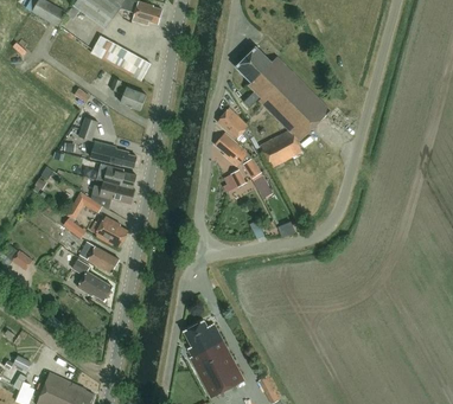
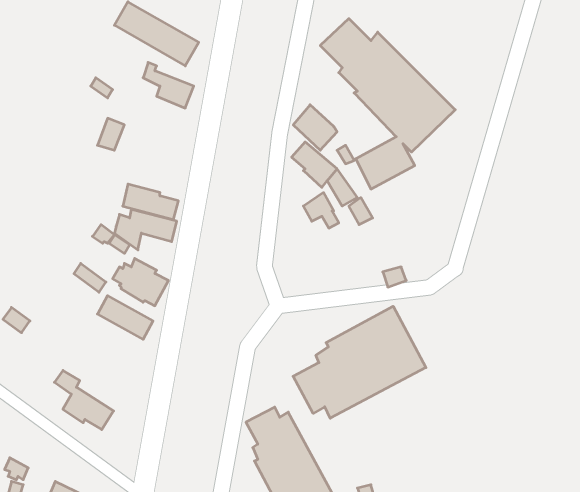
building: [91,141,136,167] -> none
building: none -> [293,306,426,418]
building: [72,259,114,301] -> [54,370,114,430]

